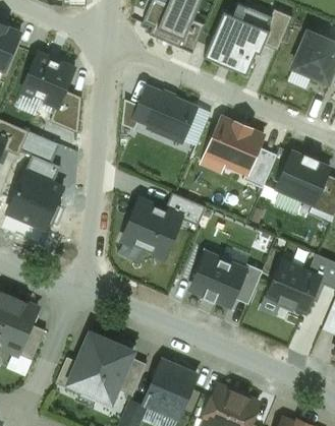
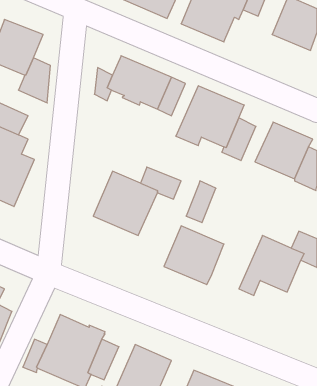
building: [233,263,262,303] -> [186,181,216,223]

